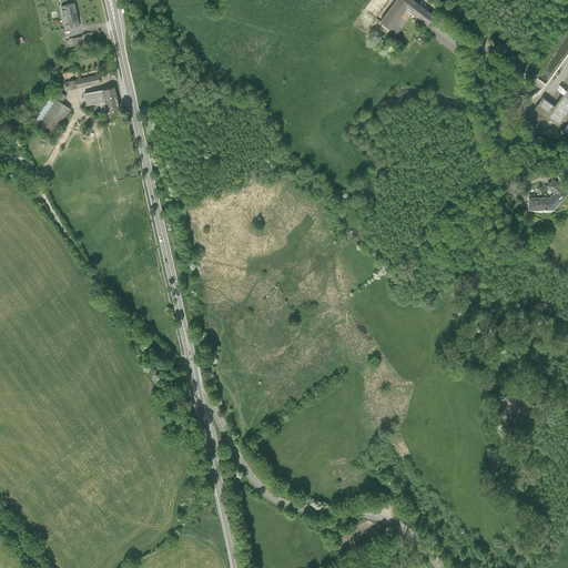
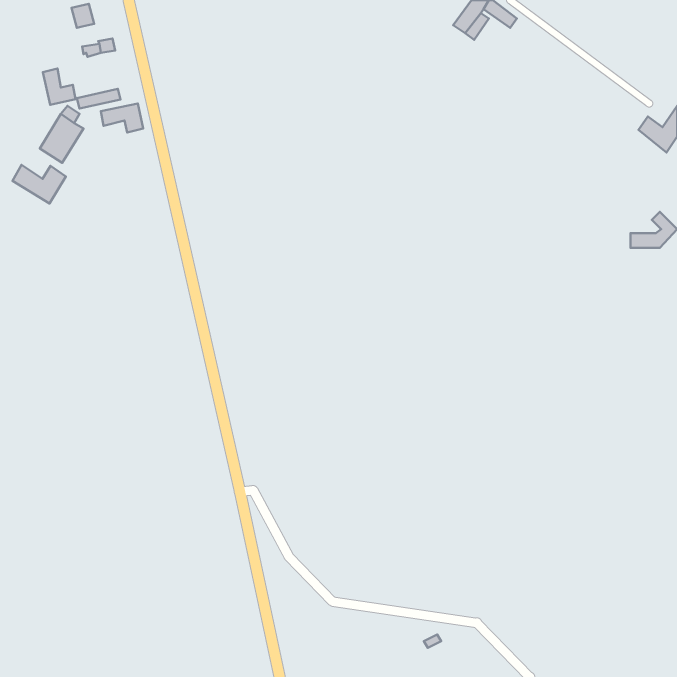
building: none -> [43,68,76,105]
building: none -> [13,165,66,203]

